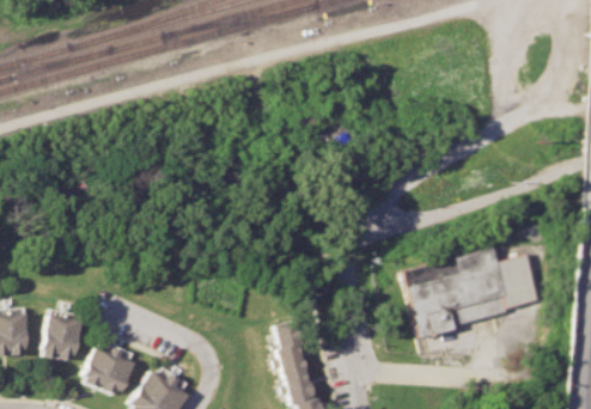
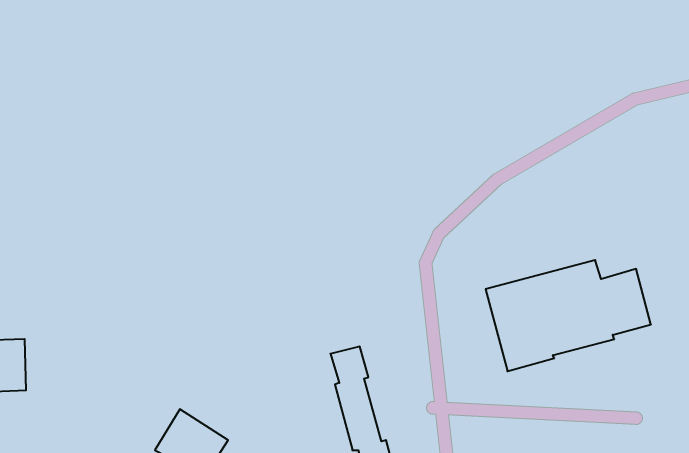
building: [42,313,81,360] -> none
building: [85,346,135,393] -> none

